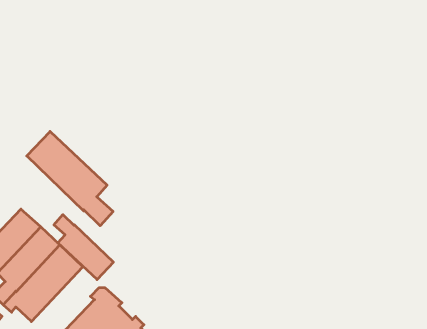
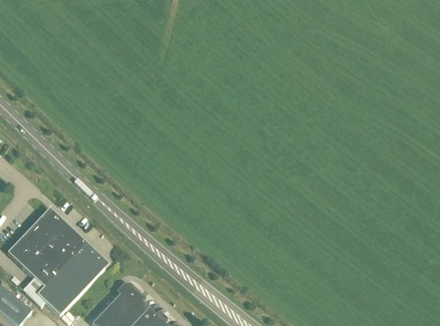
building: [27,131,113,226] -> none
building: [54,215,113,280] -> none

